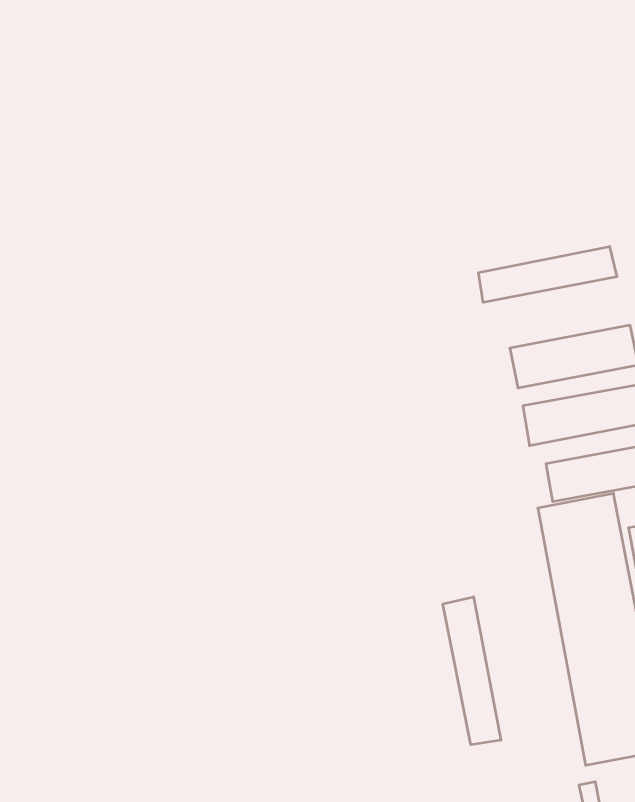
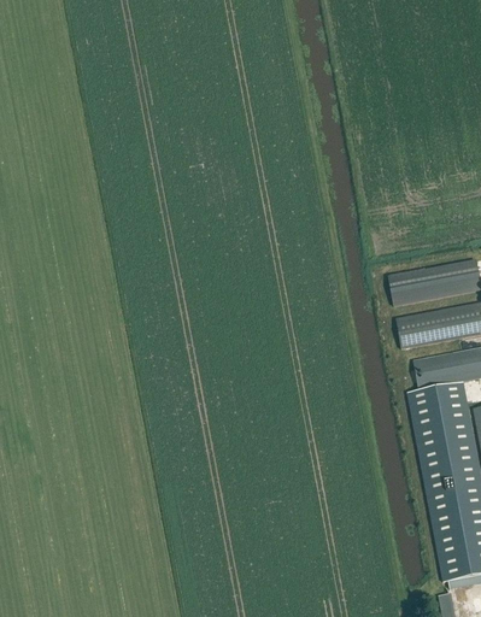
building: [479,246,617,302] -> none
building: [443,597,501,745] -> none

